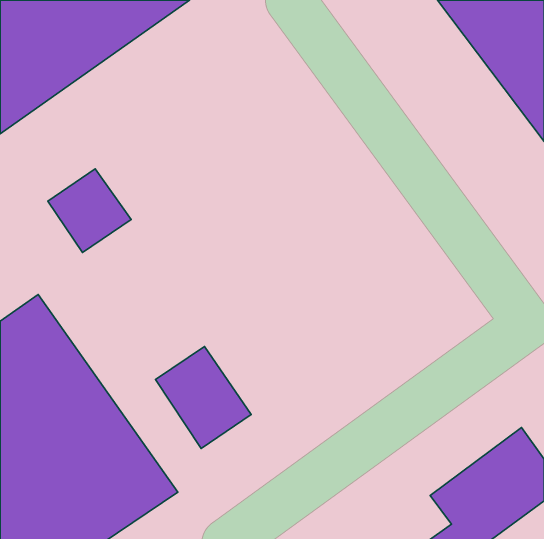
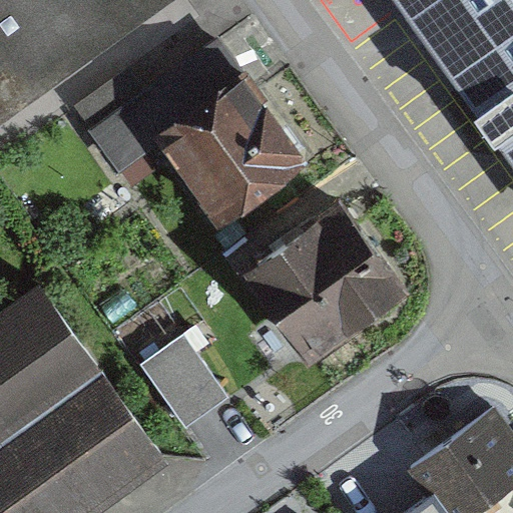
building: none -> [84,38,296,223]
building: [48,169,131,253] -> none
building: none -> [224,194,394,365]

